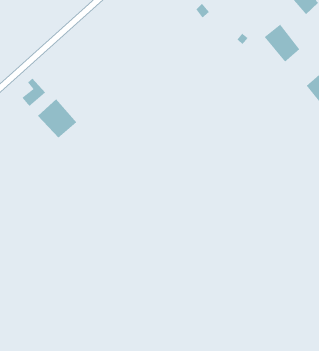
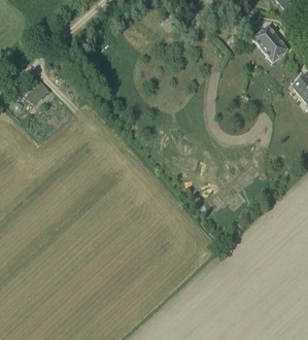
building: [37,99,77,138] -> none

